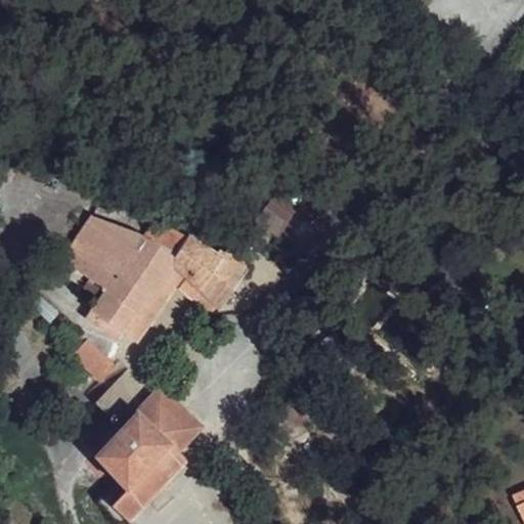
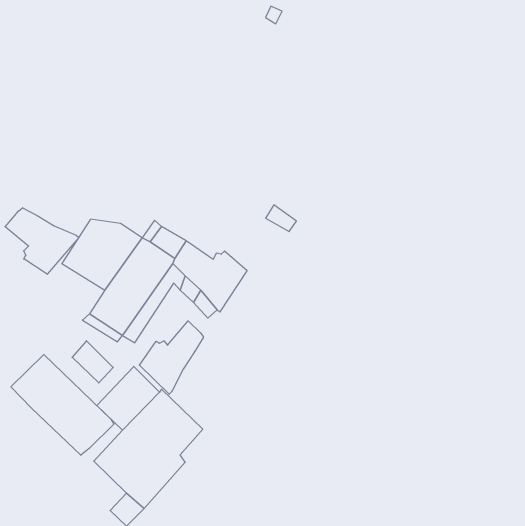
building: none -> [5,208,79,274]
building: none -> [139,321,203,394]
building: none -> [11,355,114,455]

